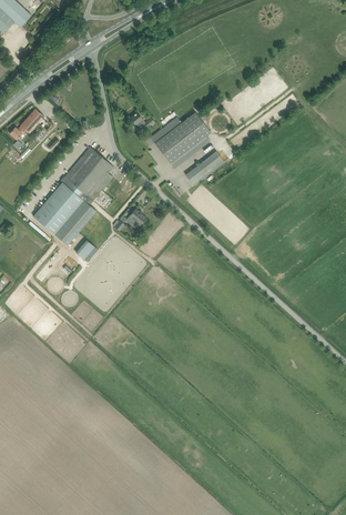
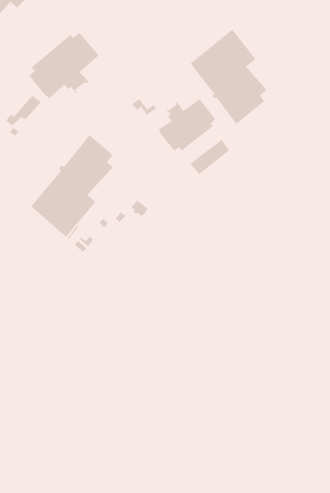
building: none -> [189,29,268,125]
building: none -> [28,32,99,99]

